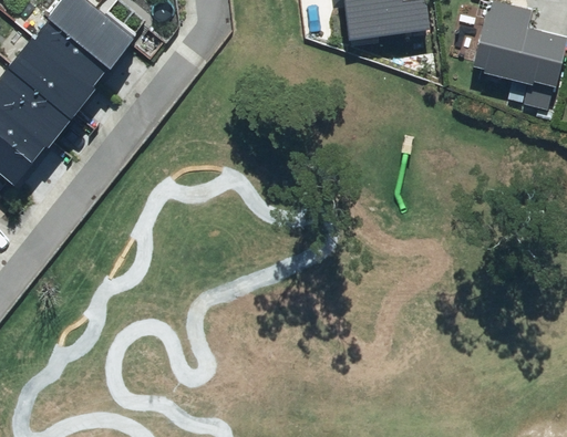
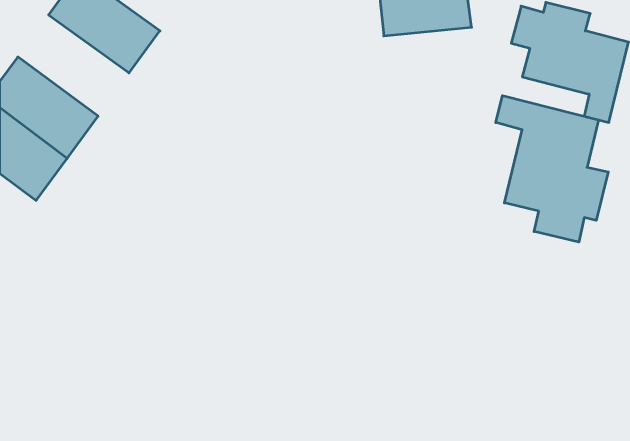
building: [17,14,116,105] -> none
building: none -> [496,96,608,242]

